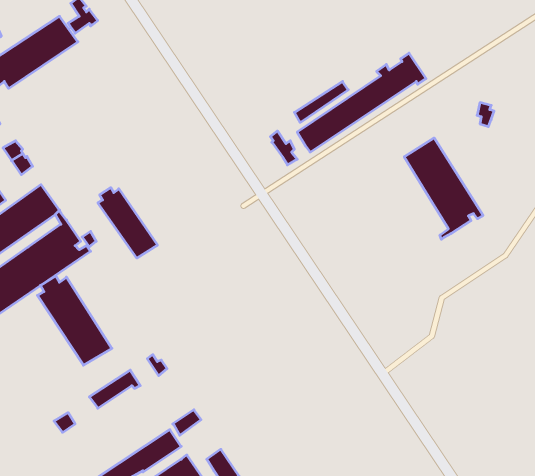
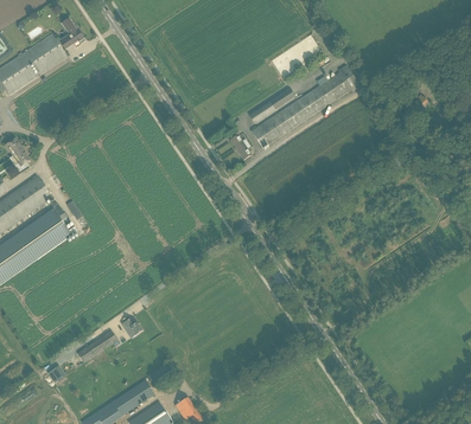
building: [404,138,483,239] -> none
building: [98,188,157,258] -> none
building: [37,276,112,365] -> none

